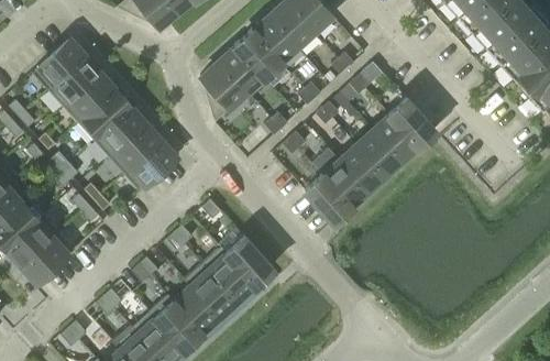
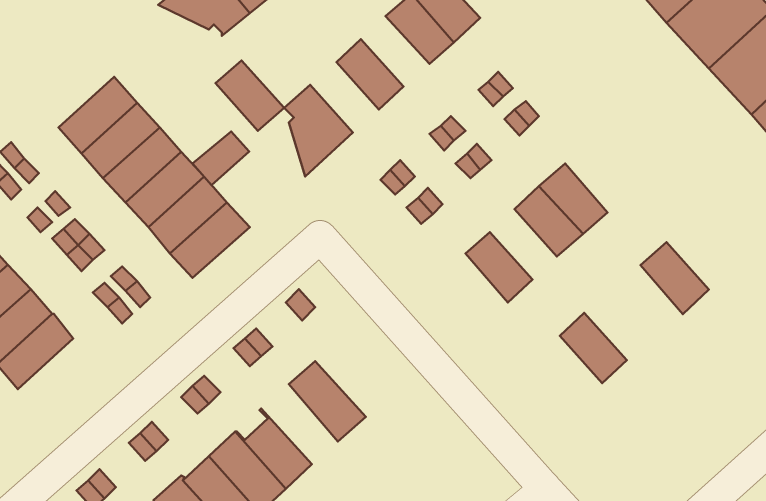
building: [253,14,299,62] -> none
building: [40,37,87,89] -> none
building: [219,45,265,92] -> [215,60,284,131]
building: none -> [193,132,249,185]
building: [391,98,437,146] -> [640,242,709,314]
building: [340,144,385,192] -> [560,313,627,383]
building: [306,174,352,222] -> none
building: [22,231,76,283] -> none
building: [222,236,274,284] -> none
building: [186,262,238,316] -> none

